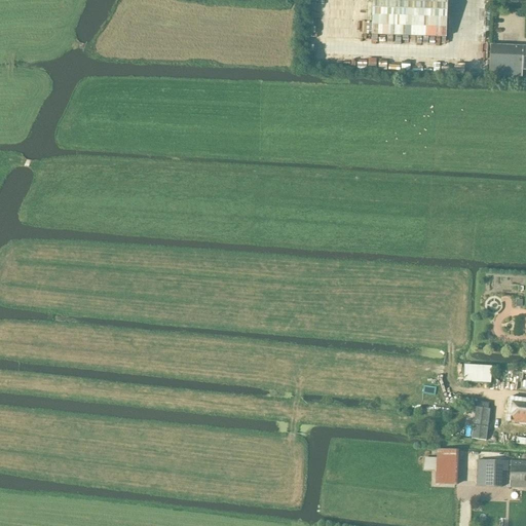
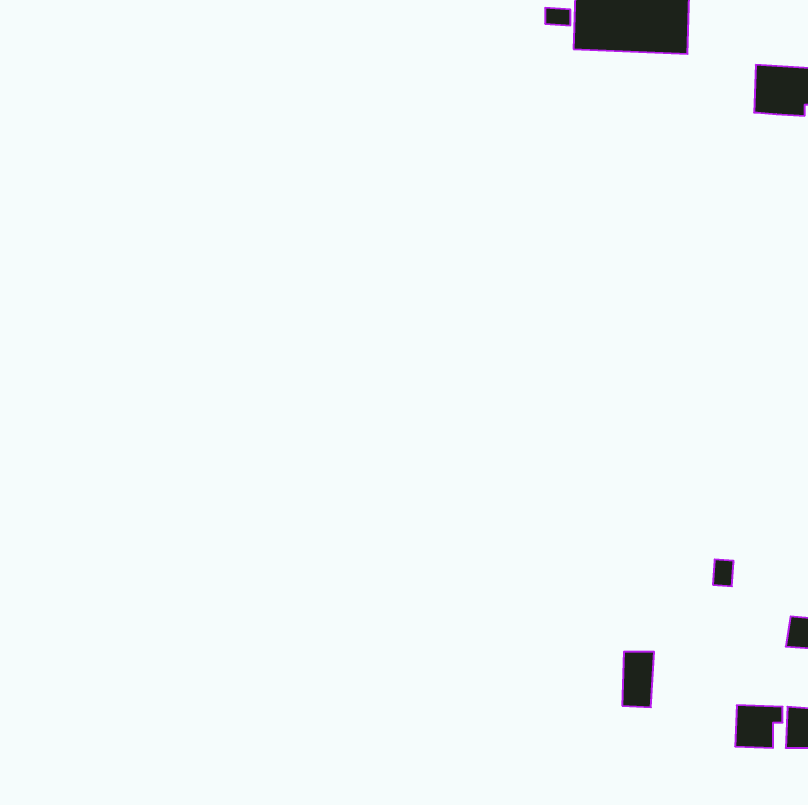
building: [473,405,491,438] -> none
building: [437,447,457,483] -> [622,652,654,707]

